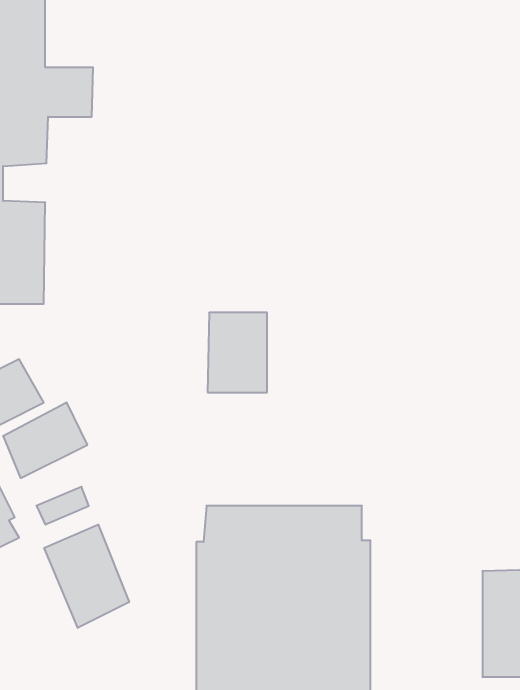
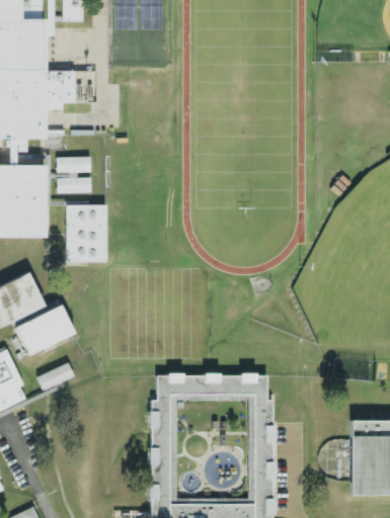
building: none -> [58,157,92,172]
building: none -> [58,177,92,193]
building: [208,313,267,392] -> [65,206,106,262]
building: [44,525,129,628] -> none

